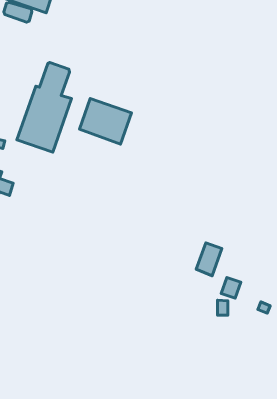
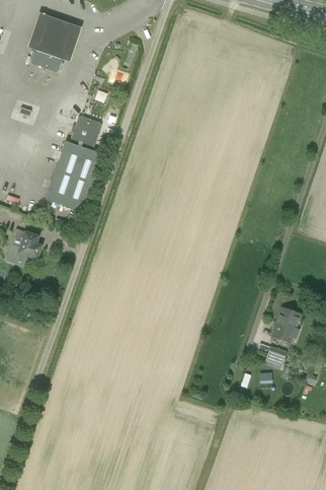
building: [80,98,131,144] -> none
building: [196,243,222,276] -> [270,307,298,343]

